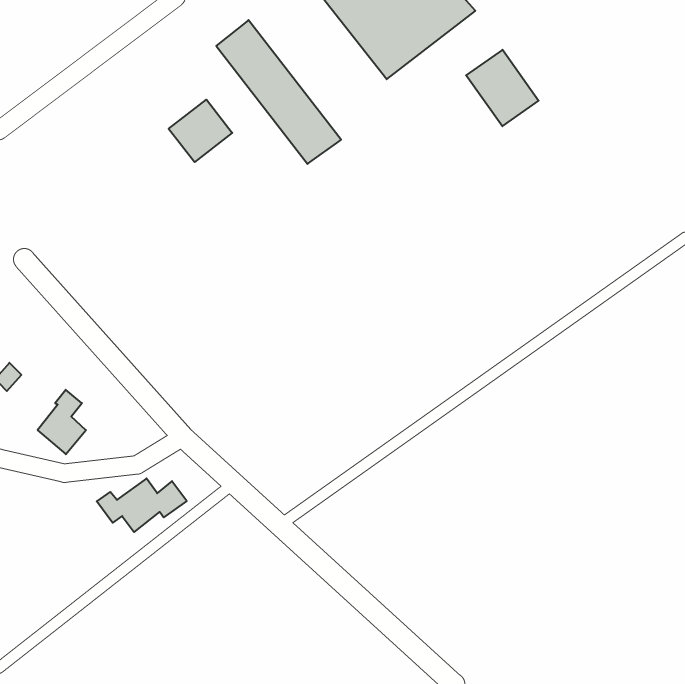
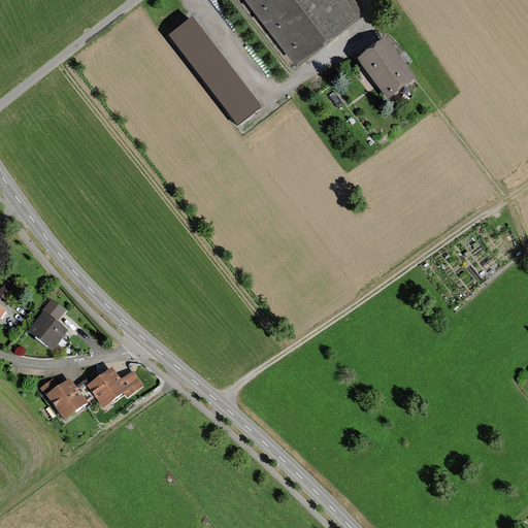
building: [169,100,232,162] -> none
building: none -> [38,376,87,420]

